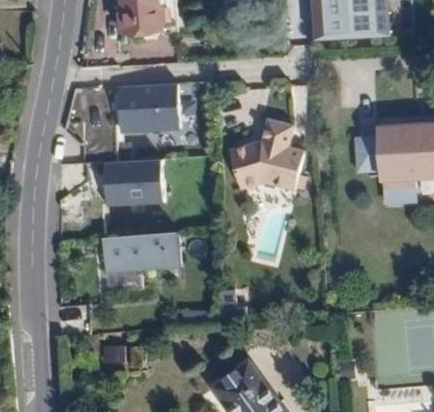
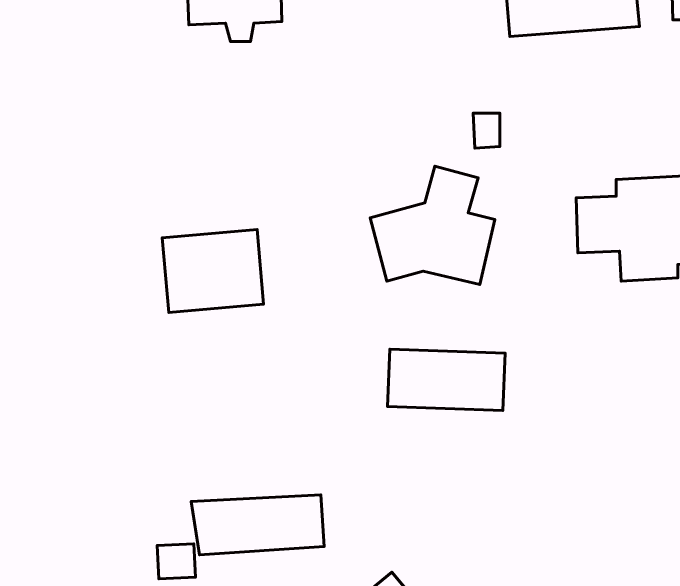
building: [120,83,181,129] -> none
building: none -> [388,349,505,410]
building: [102,236,182,272] -> [191,495,324,555]

